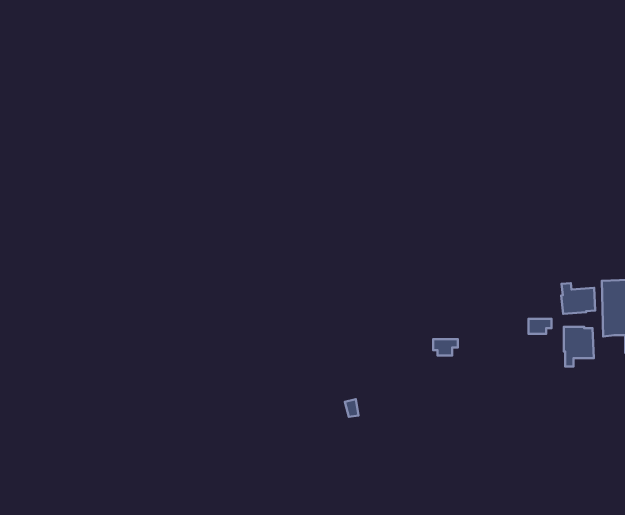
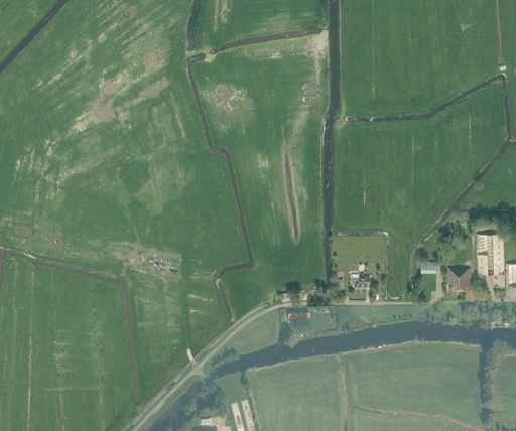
building: [561,283,595,314] -> none

